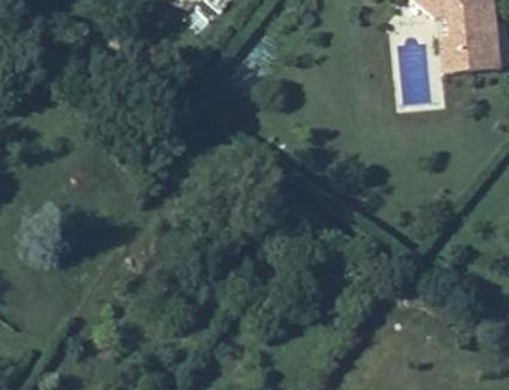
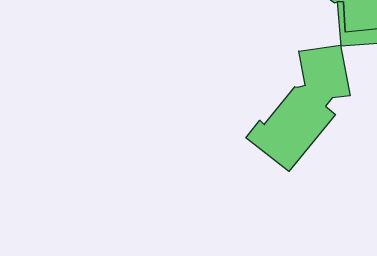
building: none -> [246,45,350,171]

